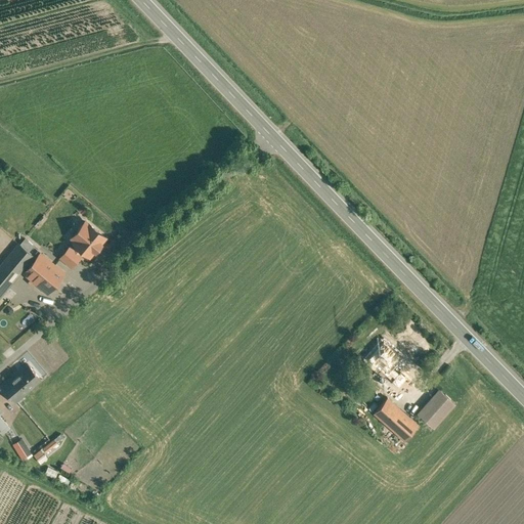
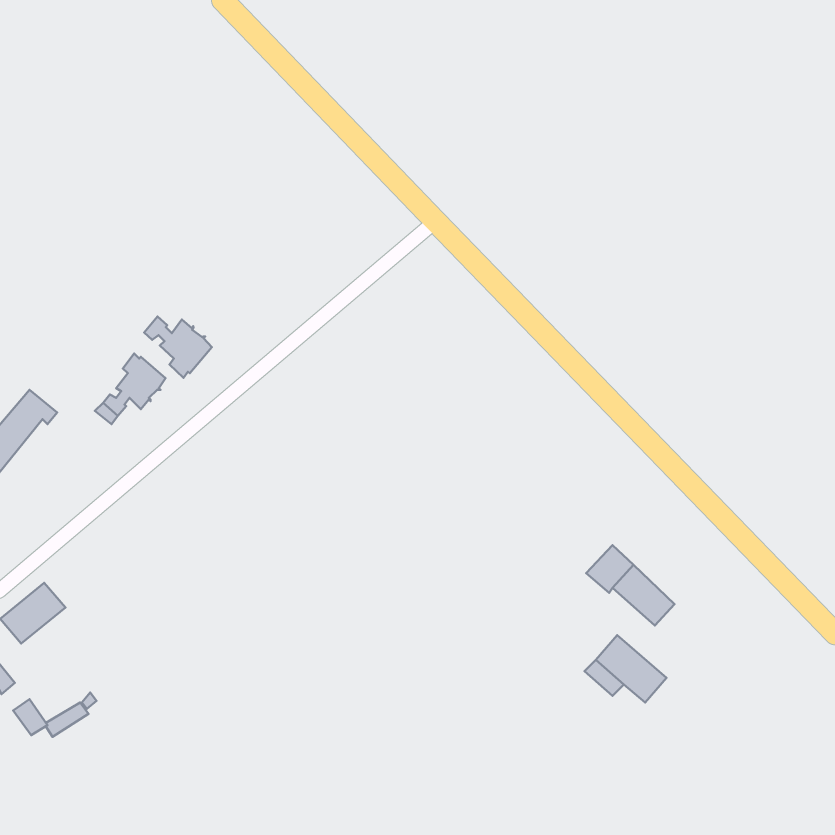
building: none -> [144,317,212,378]
building: [24,254,62,294] -> none
building: [417,391,453,428] -> none

